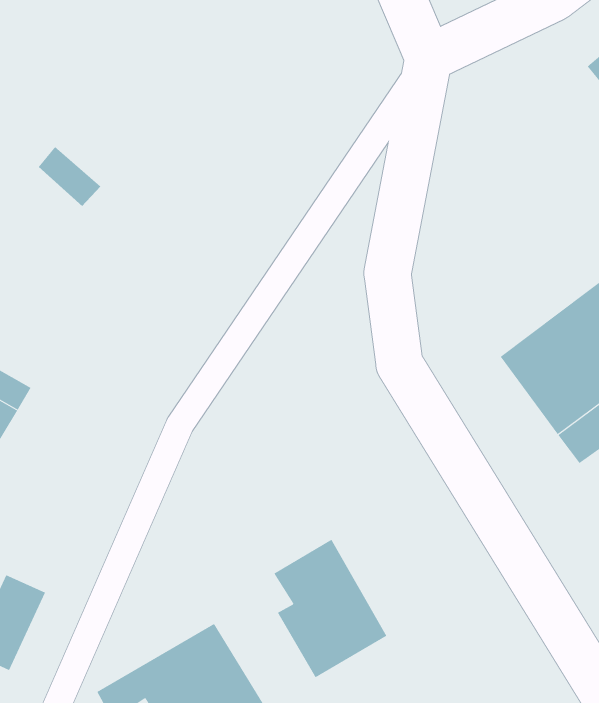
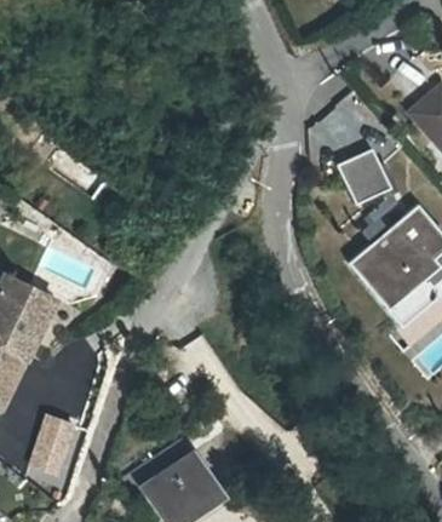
building: none -> [340,151,391,207]
building: [273,539,387,678] -> none

